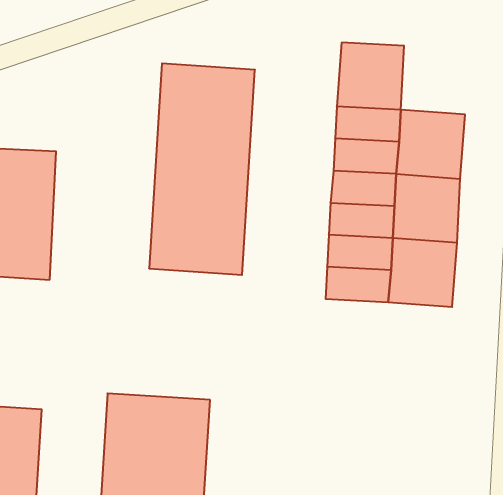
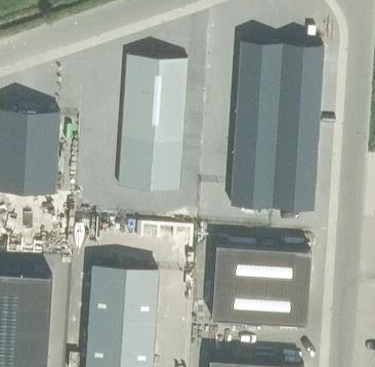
building: none -> [280,45,323,89]
building: none -> [212,246,311,326]

